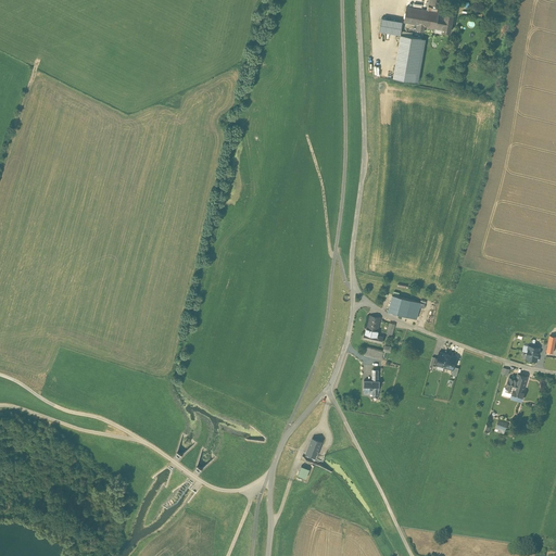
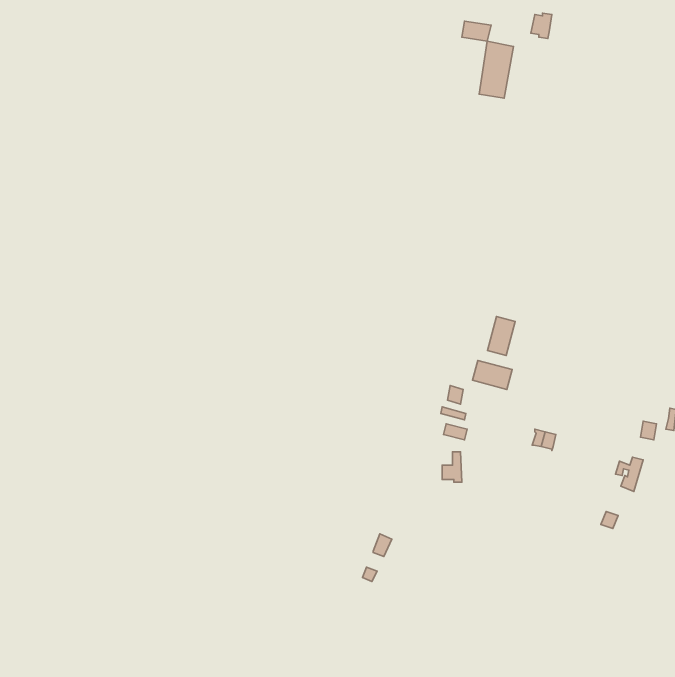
building: [404,5,440,27] -> none
building: none -> [487,316,515,355]

